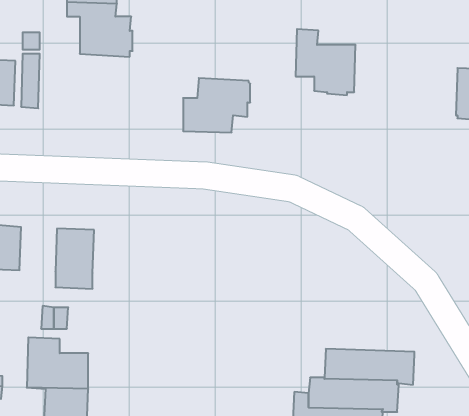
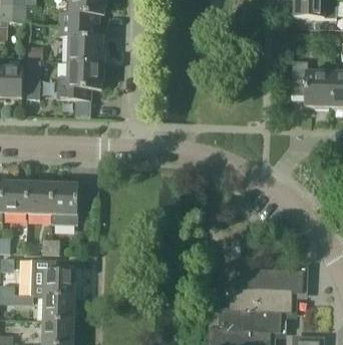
building: [296,29,356,95] -> [291,60,333,106]
building: [183,78,250,132] -> [57,61,104,99]
building: none -> [26,183,52,214]

